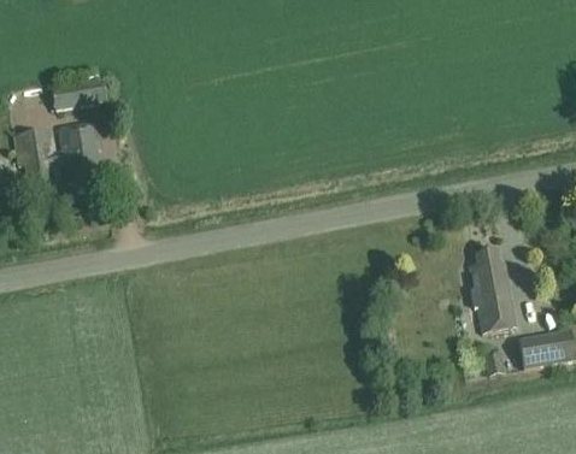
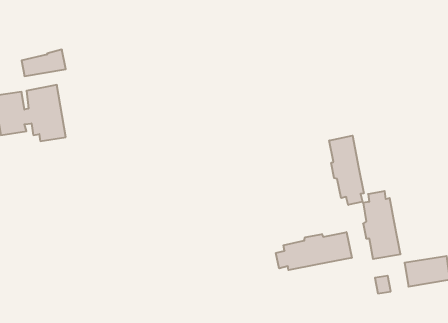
building: none -> [329,136,364,205]
building: none -> [276,232,352,270]

